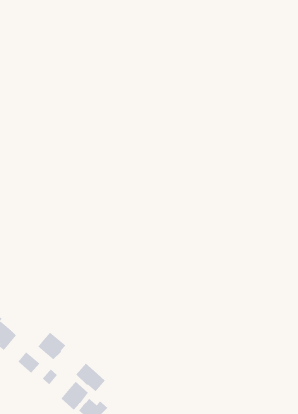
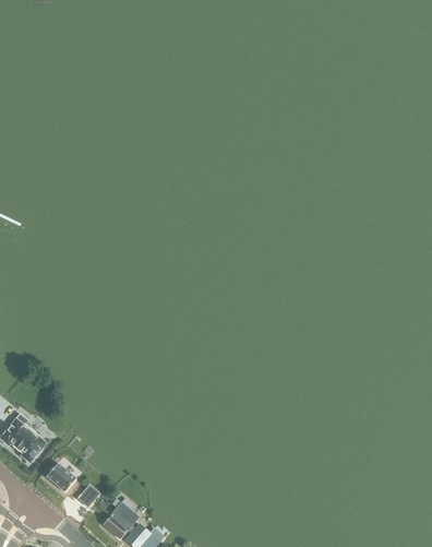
building: [37,332,66,360] -> none
building: [75,363,106,392] -> none

